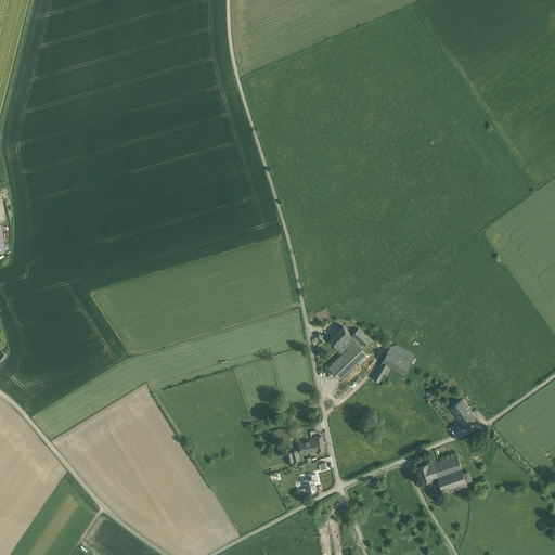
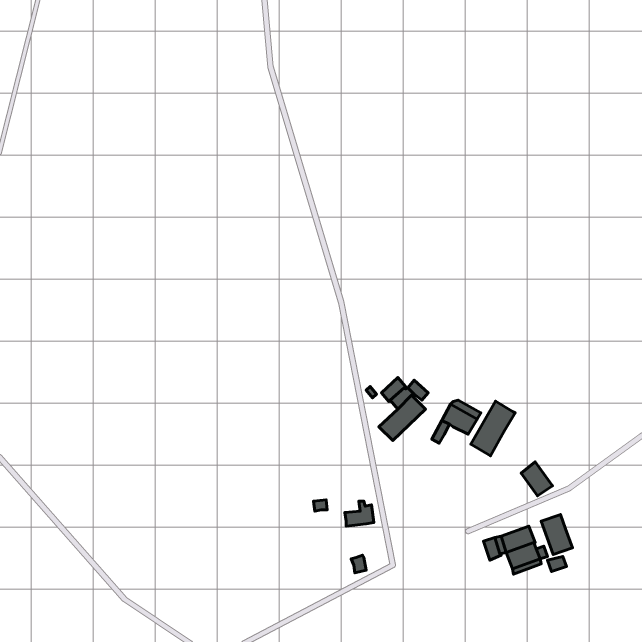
building: none -> [471,401,515,456]
building: none -> [541,515,573,554]

